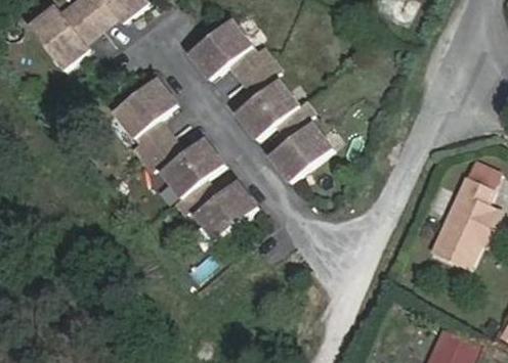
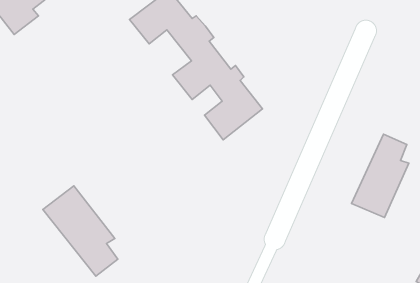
building: [114,78,258,241] -> none
building: none -> [43,186,118,276]

